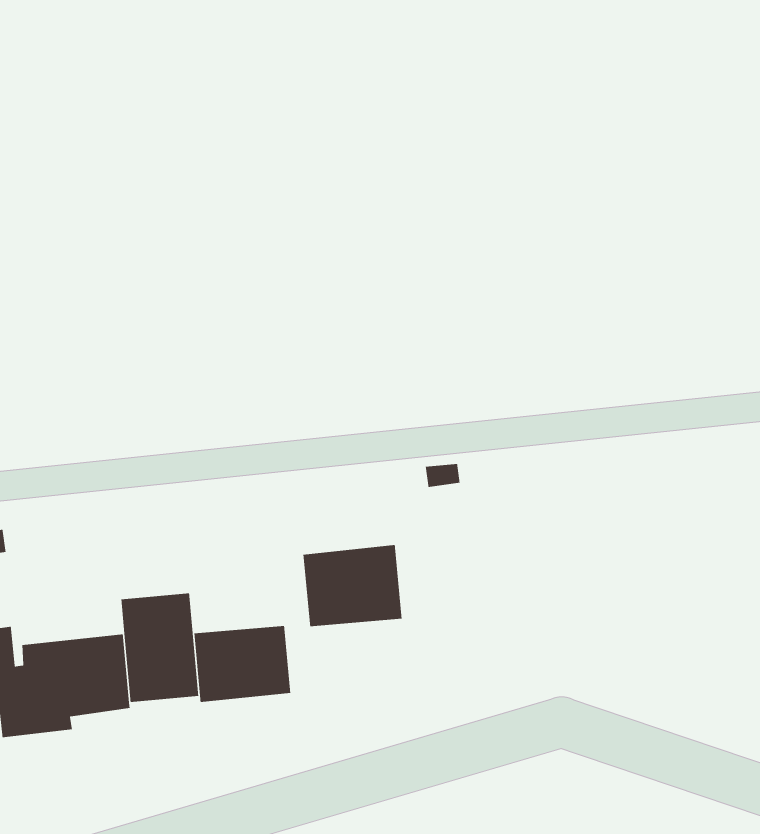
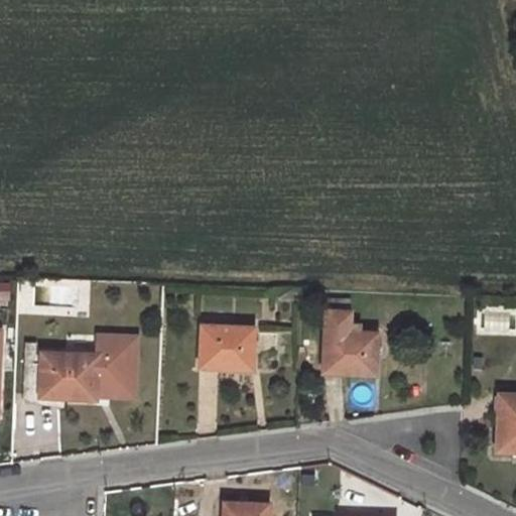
building: none -> [325,301,378,373]
building: [193,625,291,703] -> none

